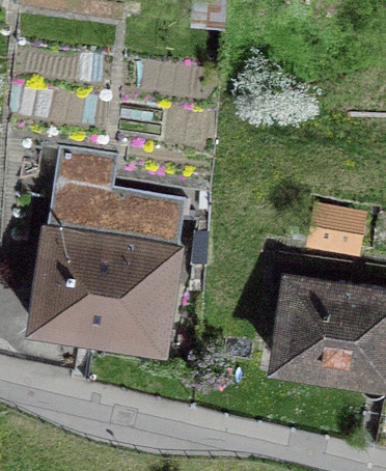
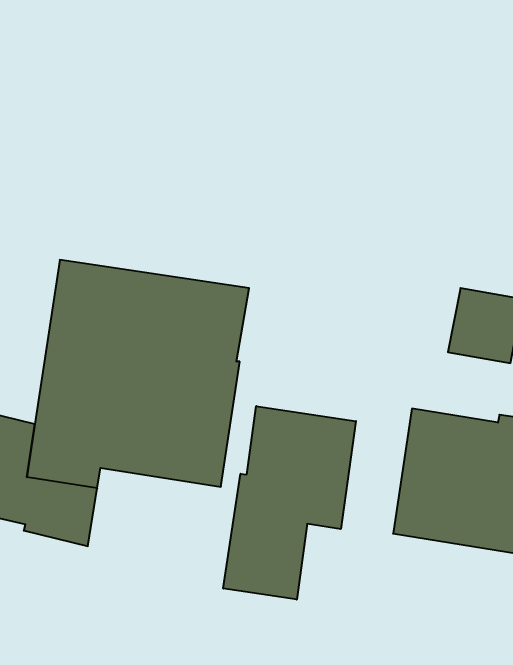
building: none -> [223,406,356,600]

